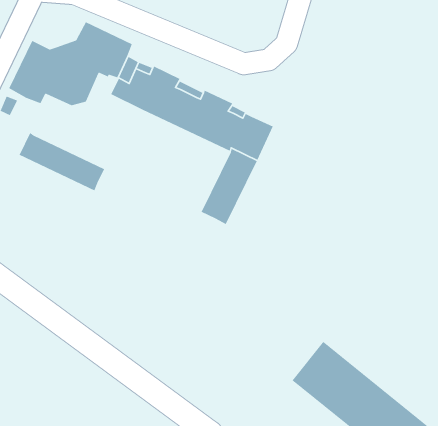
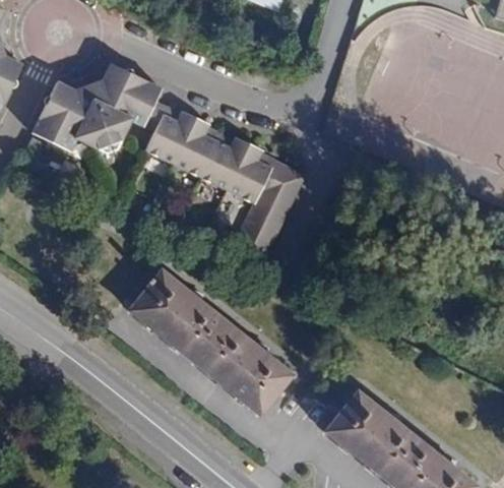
building: [19,132,105,192] -> none
building: none -> [130,272,292,417]

